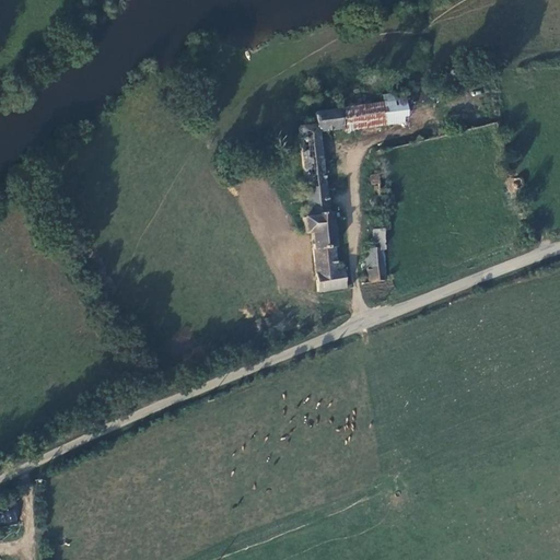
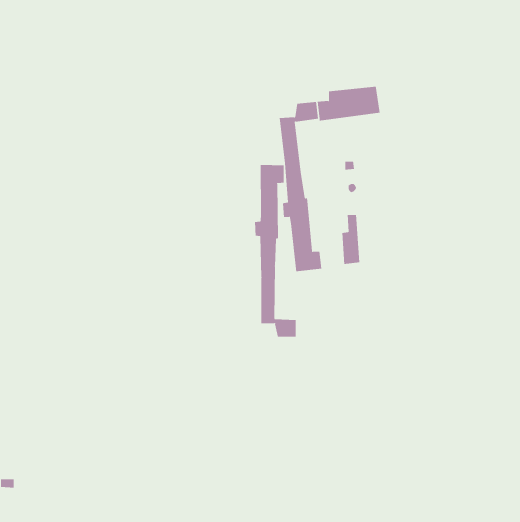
building: none -> [255,164,296,338]

